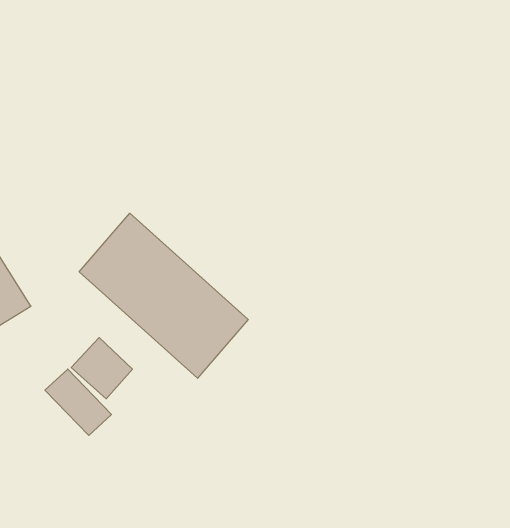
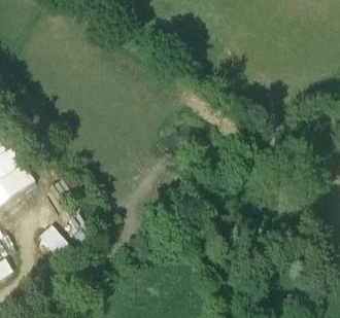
building: [79,213,248,378] -> none

